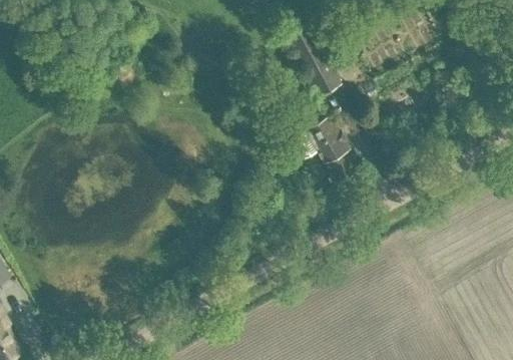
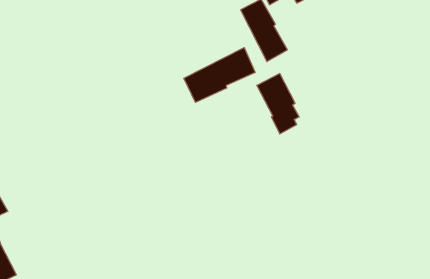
building: none -> [184,48,255,102]

